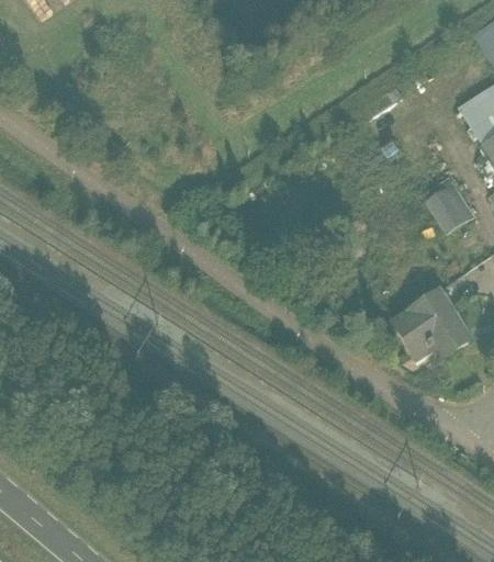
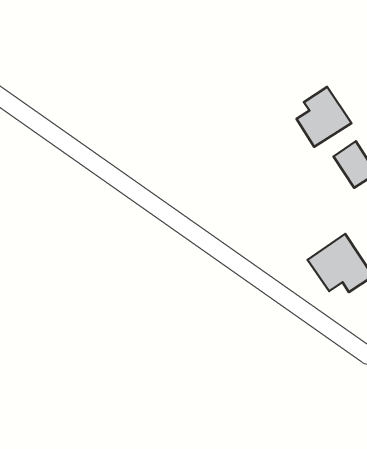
building: none -> [297,87,351,147]

